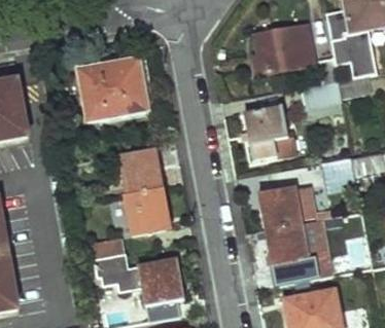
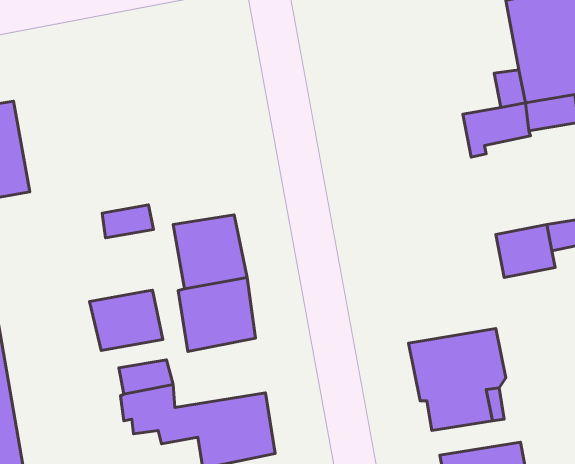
building: [254,27,313,76] -> none
building: [69,59,149,120] -> none
building: [245,106,291,157] -> none
building: [259,182,314,228] -> none
building: none -> [90,290,163,350]

